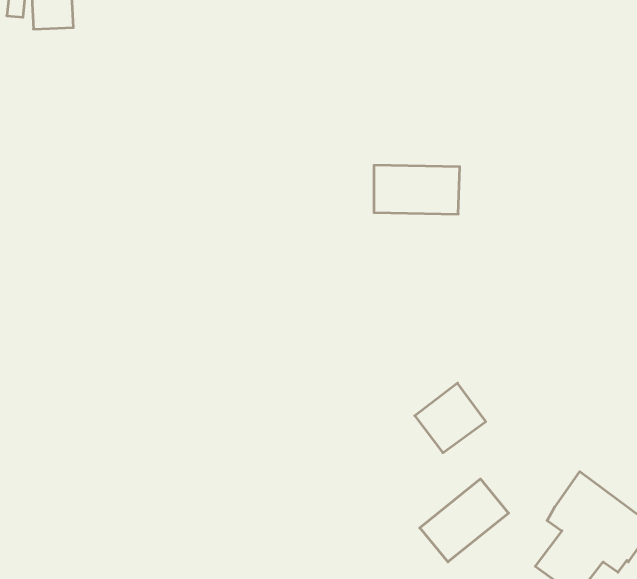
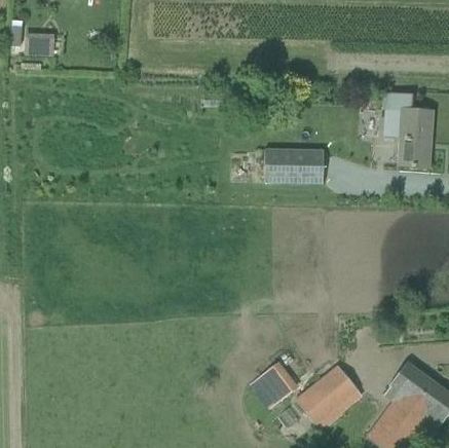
building: none -> [383,92,433,167]
building: [415,383,486,453] -> [250,359,299,407]

